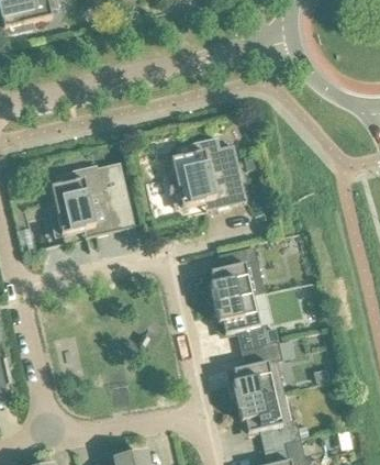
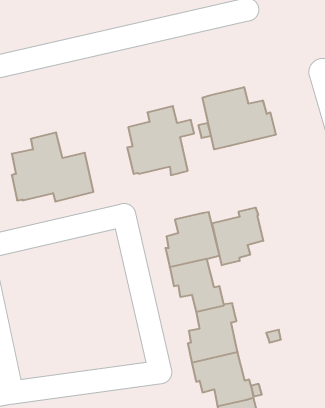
building: none -> [202,87,276,149]
building: none -> [212,208,263,265]

